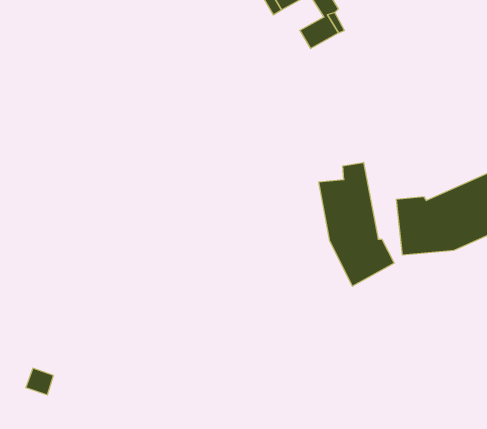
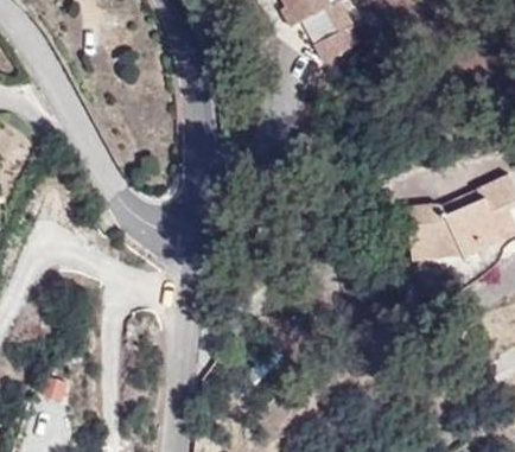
building: [319,162,394,286] -> none

